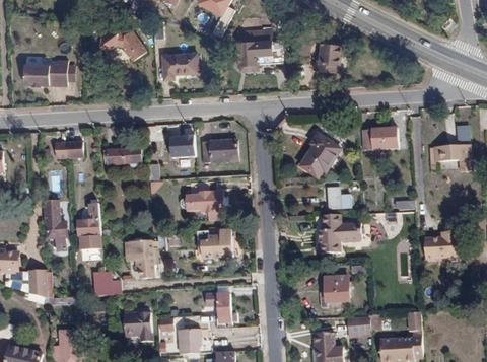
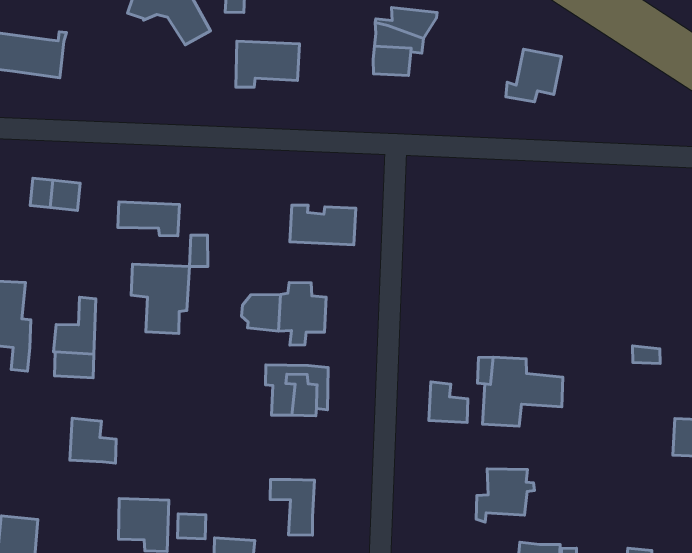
building: [361,127,397,148] -> none
building: [298,131,341,176] -> none
building: [167,134,195,158] -> none
building: [328,186,350,207] -> [429,382,468,423]
building: [125,240,157,279] -> [131,264,189,333]

